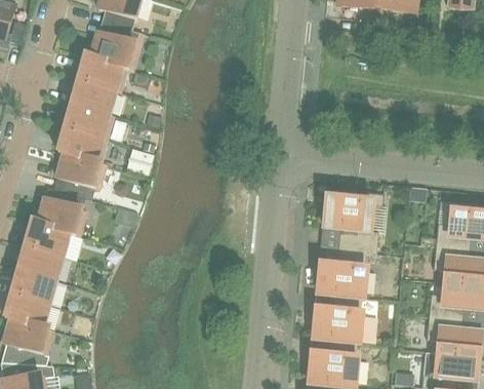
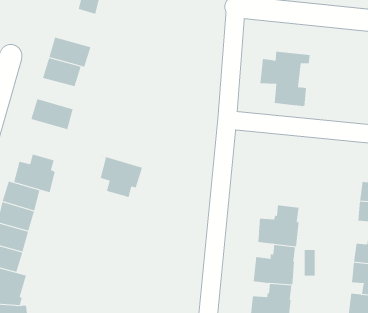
building: [84,25,138,70] -> none
building: [56,104,113,140] -> none
building: [56,151,106,200] -> [100,155,143,198]
building: [323,190,381,254] -> [260,51,311,107]

